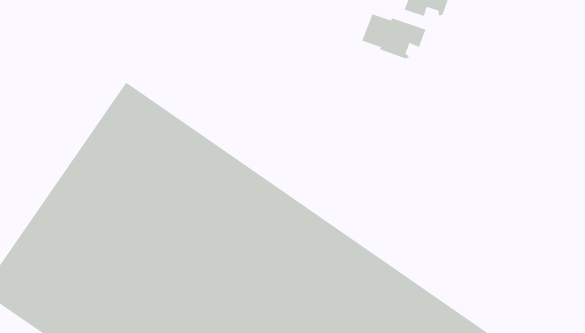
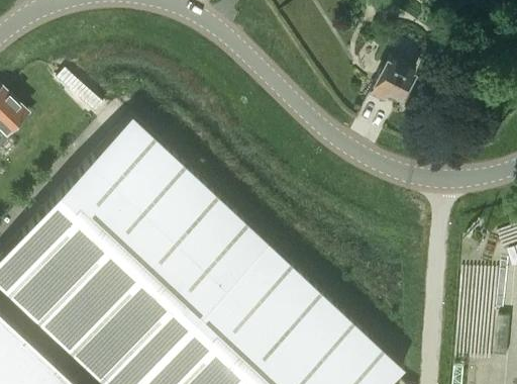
building: [362,13,426,59] -> none

